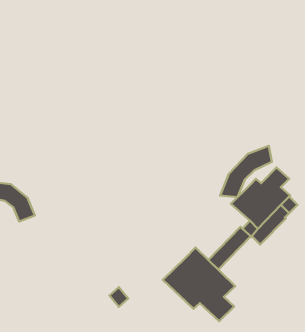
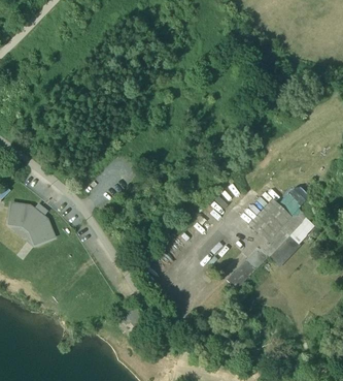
building: [220,146,272,197] -> none
building: [163,248,235,321] -> none

